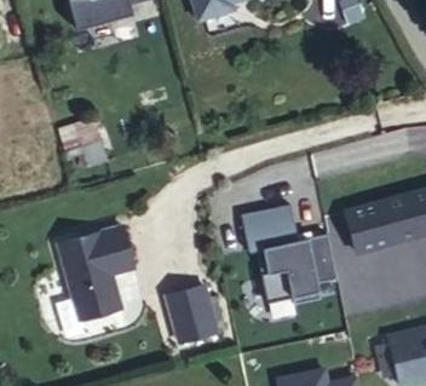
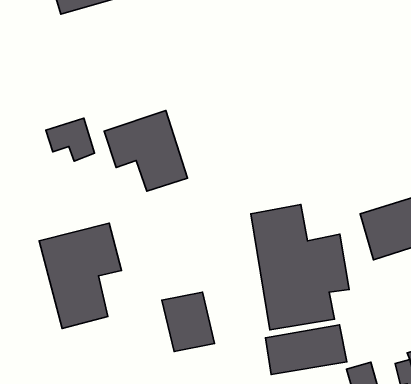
building: none -> [104,111,188,191]
building: none -> [266,325,347,375]

